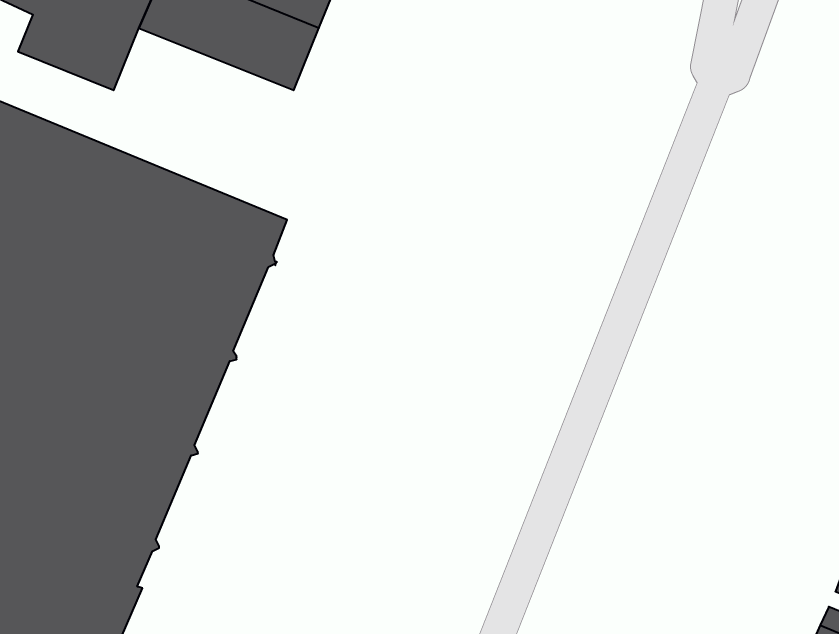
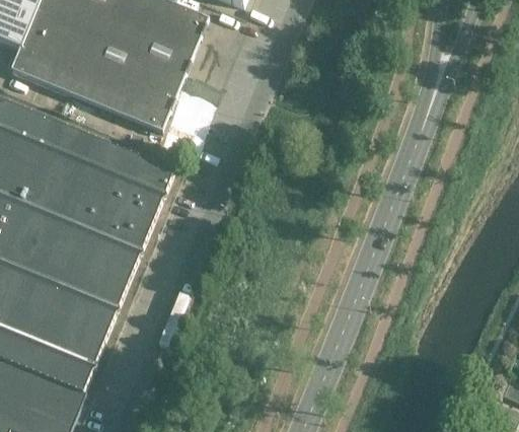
building: none -> [69,53,177,129]

